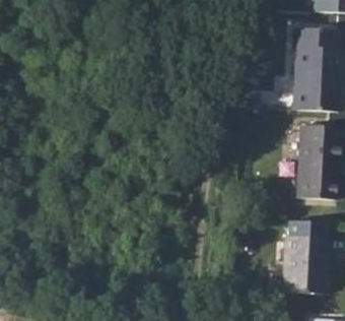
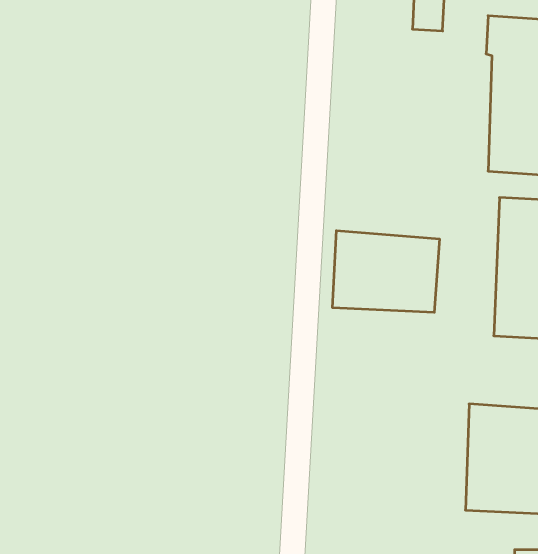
building: none -> [333,231,439,312]

